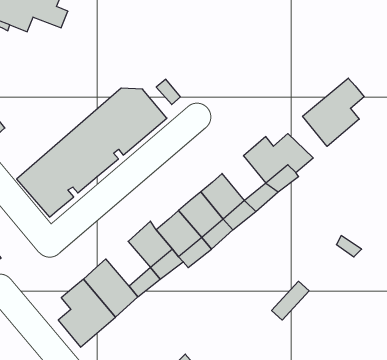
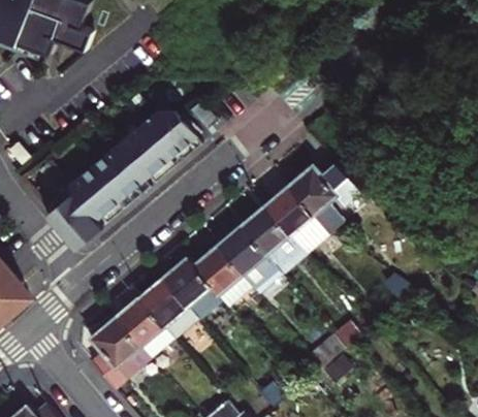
building: [303,78,364,146] -> none
building: none -> [262,188,309,235]
building: none -> [138,279,186,326]

